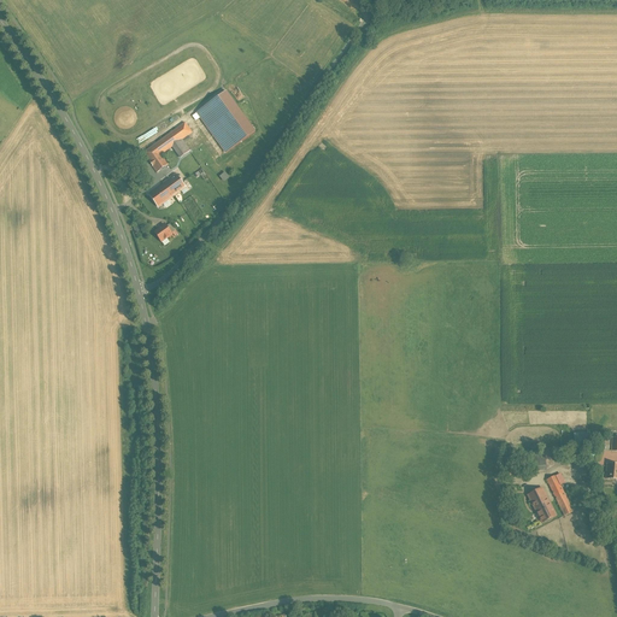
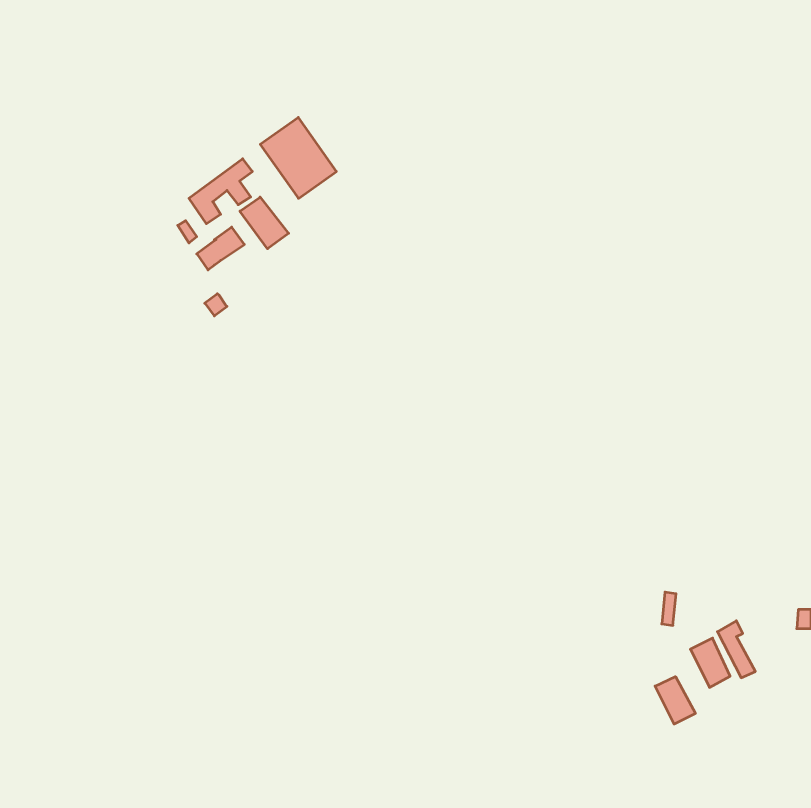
building: none -> [240,197,289,249]
building: none -> [655,677,695,724]

